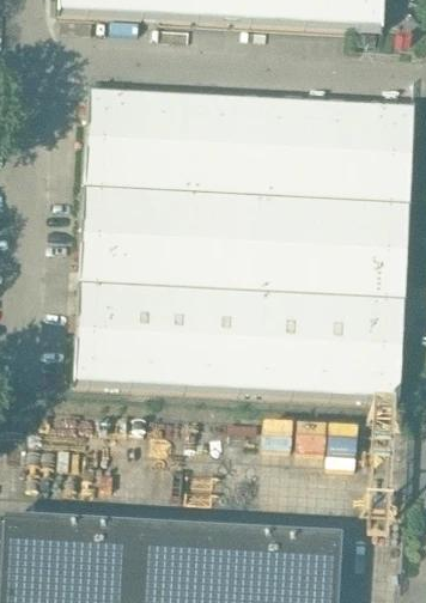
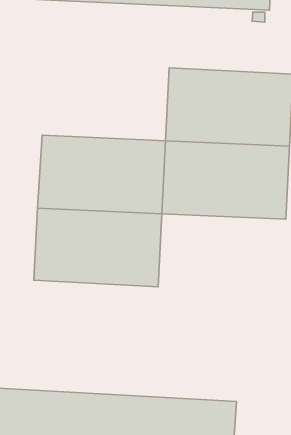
building: [86,91,252,194] -> none
building: [238,290,406,394] -> none

